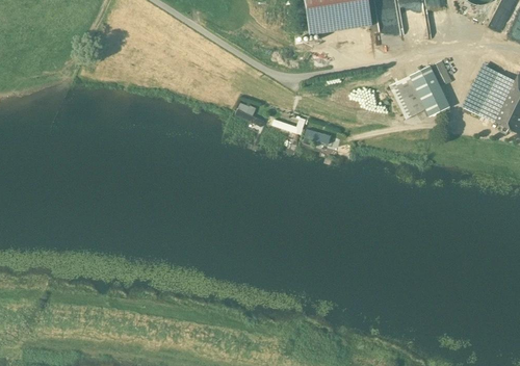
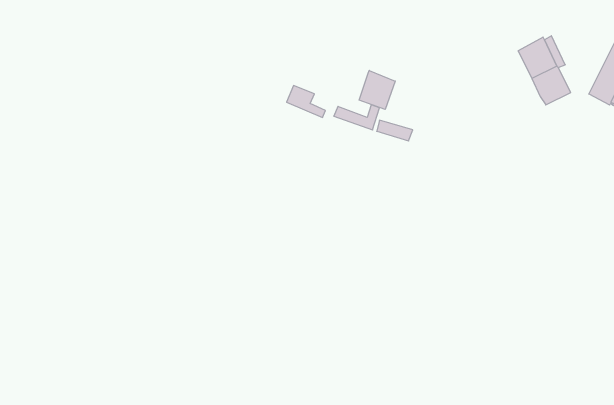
building: [390,75,427,120] -> none
building: none -> [359,70,395,109]

